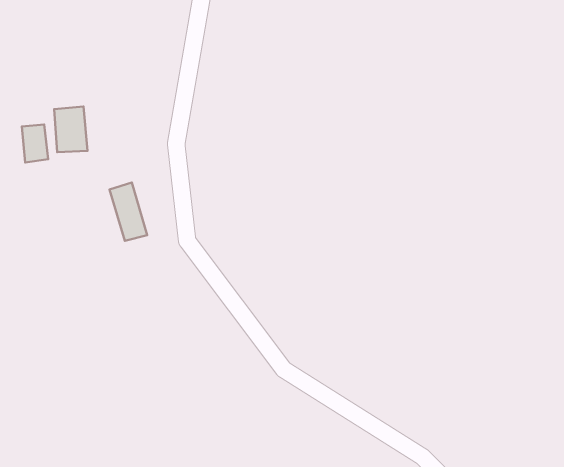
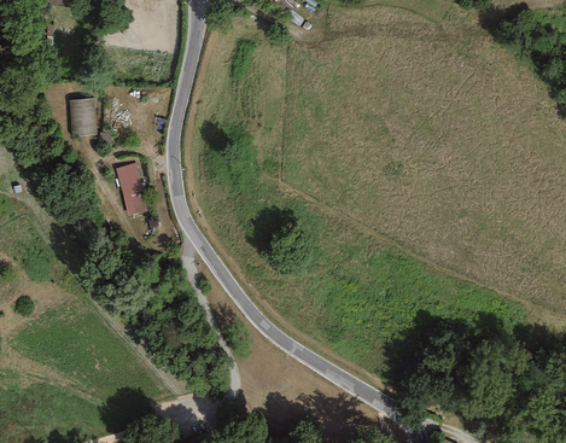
building: [22,124,48,163] -> none

